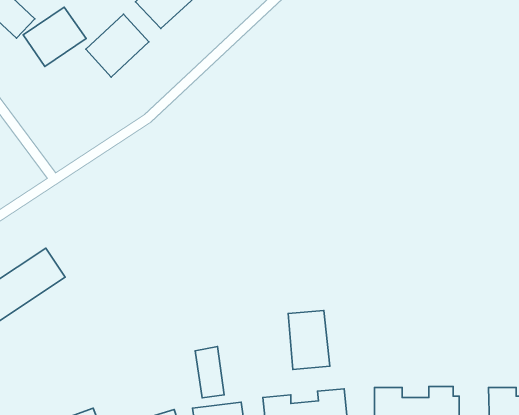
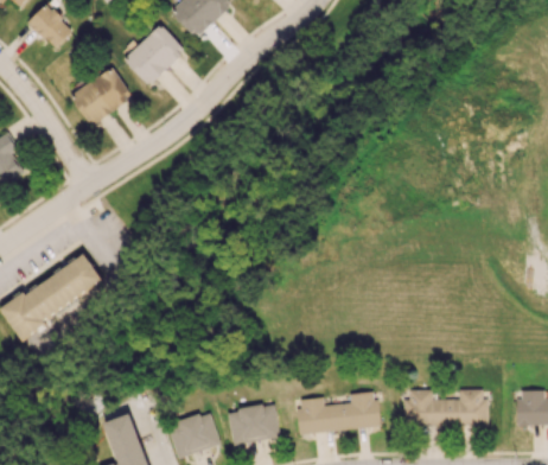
building: [23,7,86,66] -> [70,68,132,126]
building: [288,310,330,370] -> none
building: [195,347,224,398] -> none

